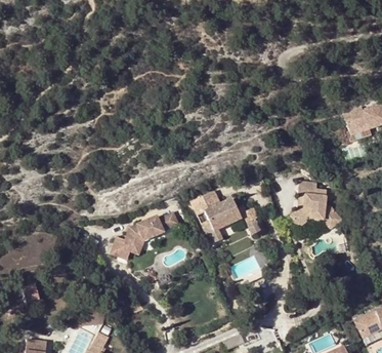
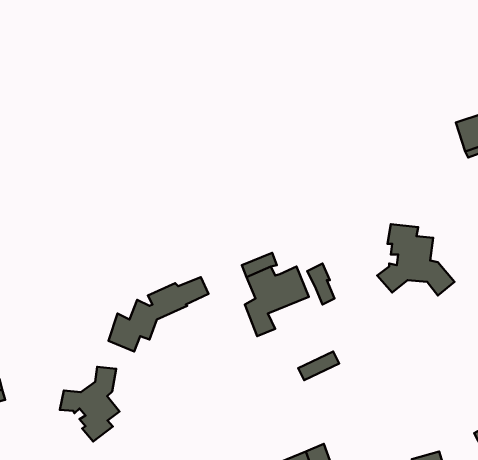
building: none -> [60,367,120,442]

